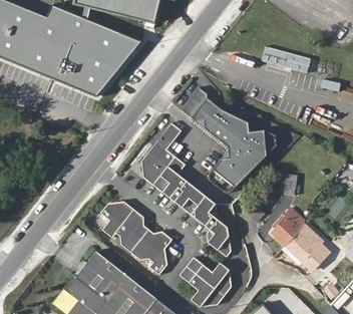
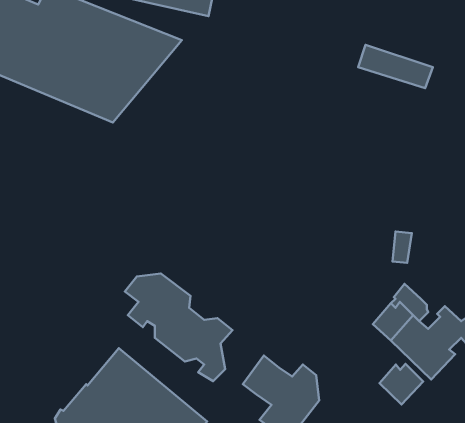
building: [179,87,274,194] -> none
building: [143,120,233,254] -> none
building: none -> [380,364,423,404]

